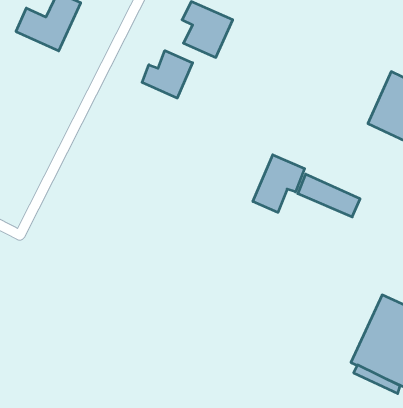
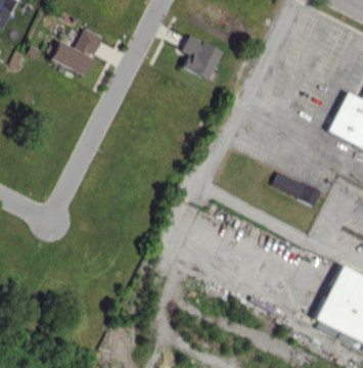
building: [142,51,193,98] -> none
building: [253,155,305,212] -> none

